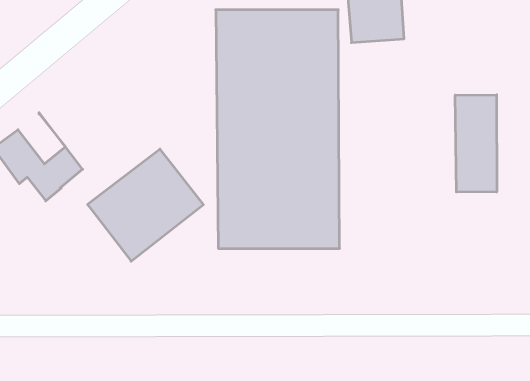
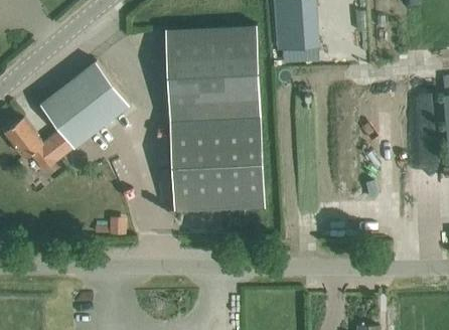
building: [455,95,497,192] -> none
building: [88,149,203,261] -> [37,62,126,148]

